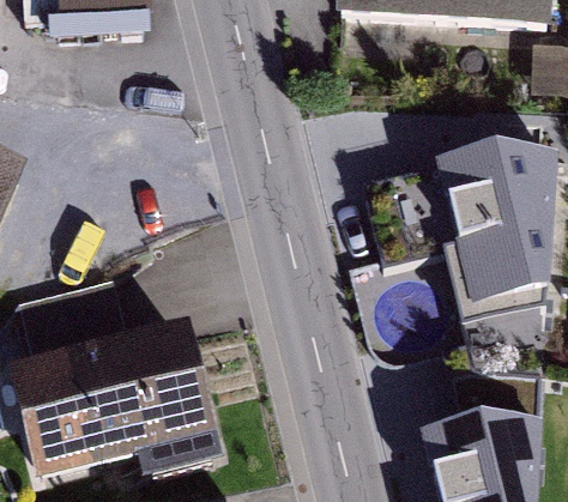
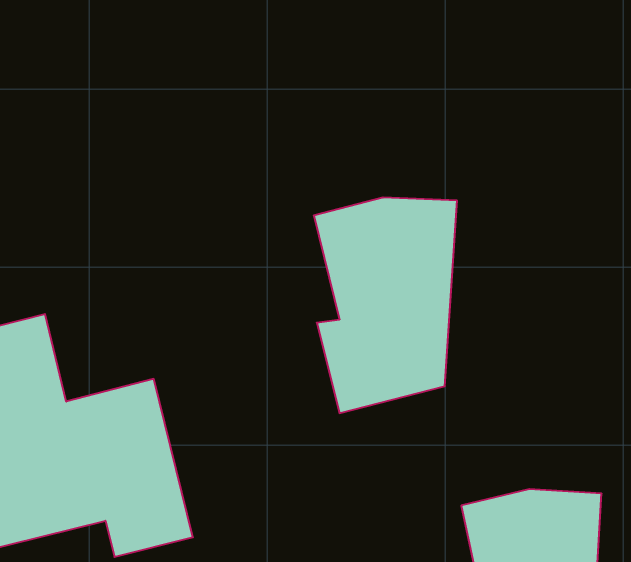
building: [441,151,555,322] -> [314,198,457,413]

